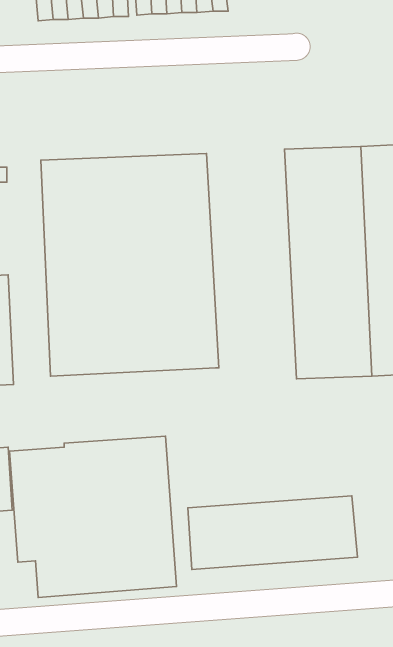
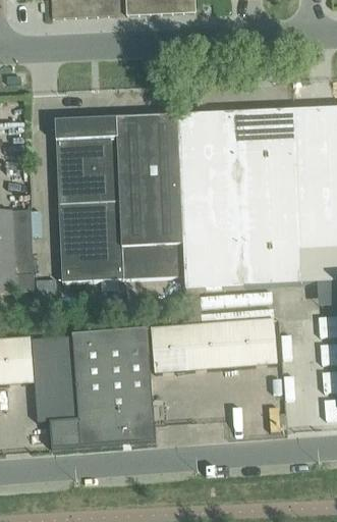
building: none -> [178,112,245,286]
building: [188,496,357,570] -> [152,317,278,372]

